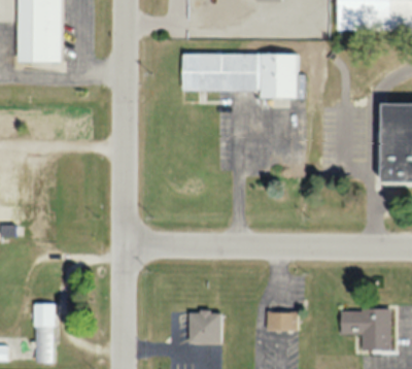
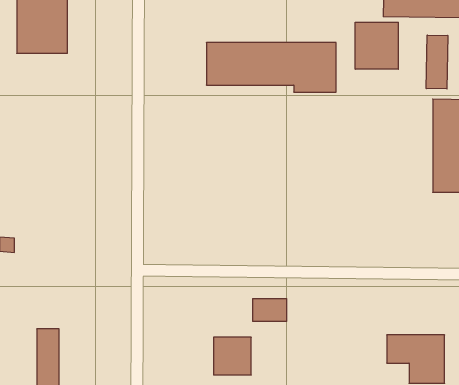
building: none -> [355,22,398,69]
building: none -> [426,35,448,89]
building: [267,310,297,330] -> [253,299,287,321]

